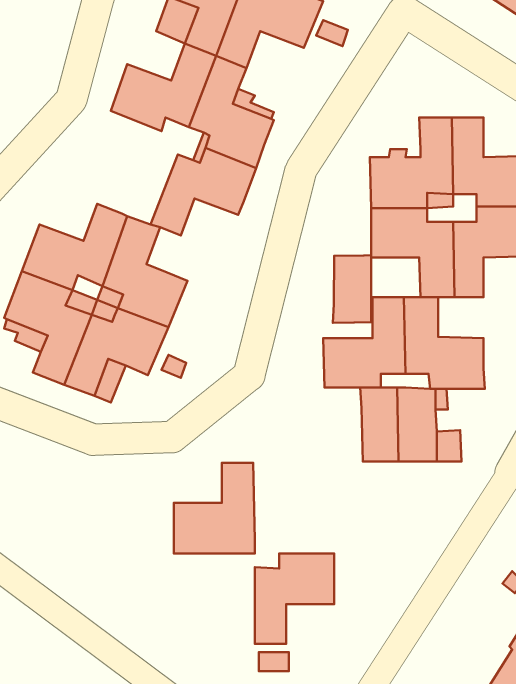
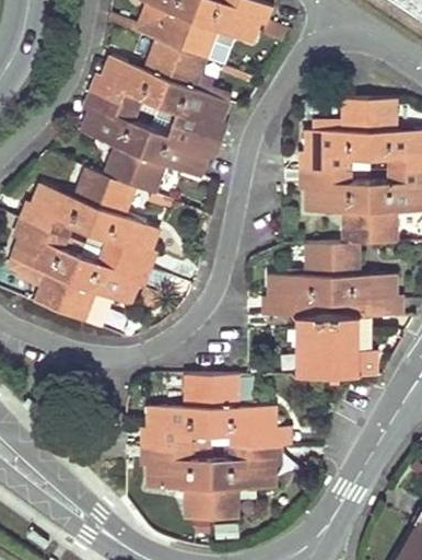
building: none -> [83,94,151,185]
building: [333,255,371,323] -> none
building: none -> [211,374,276,447]
building: none -> [148,447,212,520]

